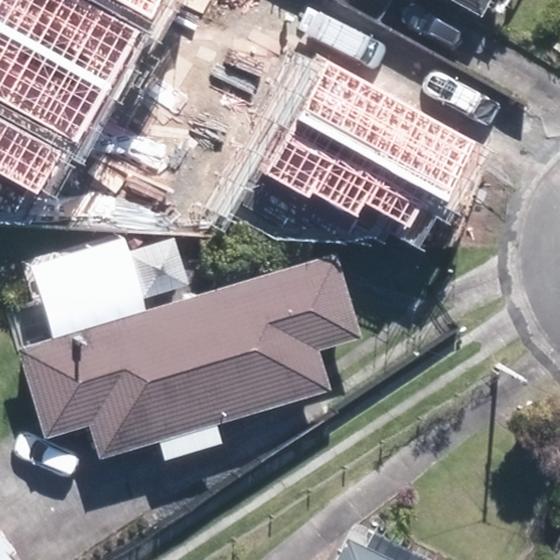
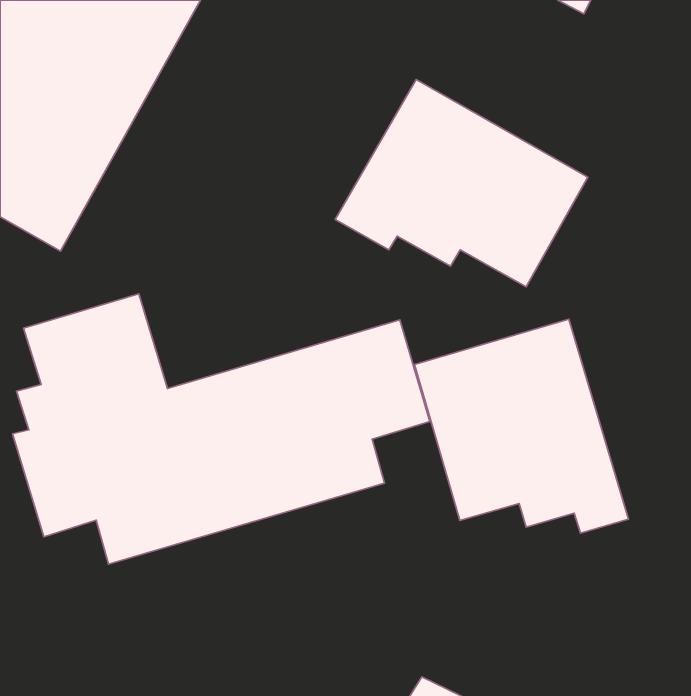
building: none -> [414,319,629,533]

